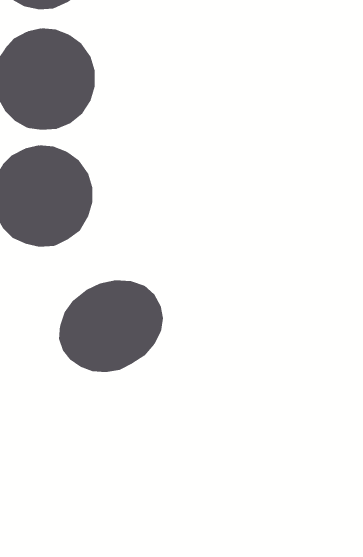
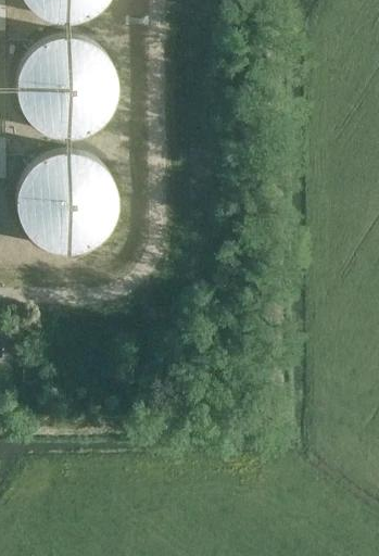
building: [58,280,164,373] -> none

